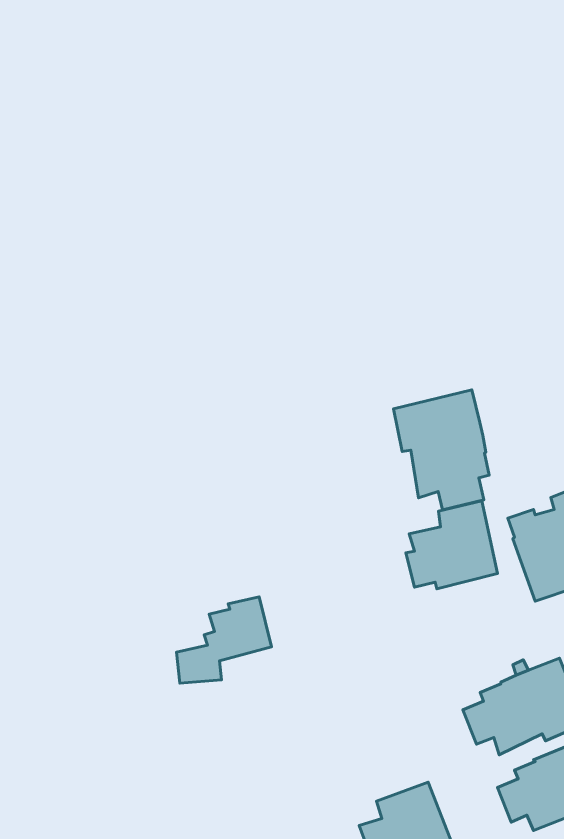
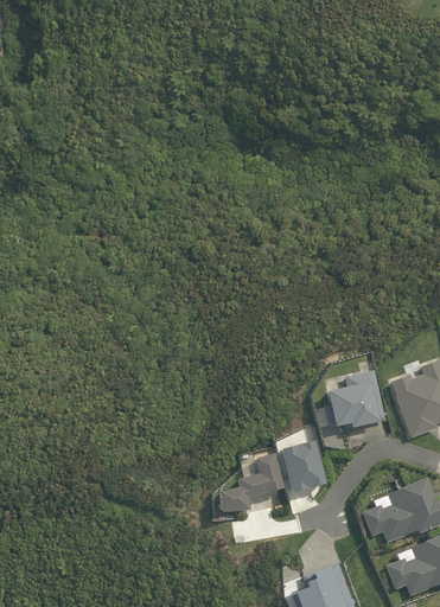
building: [394,390,489,510] -> none
building: [176,597,271,683] -> [217,454,282,513]
building: none -> [280,441,325,493]

